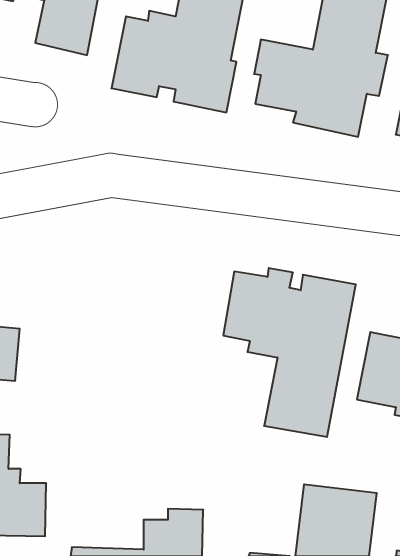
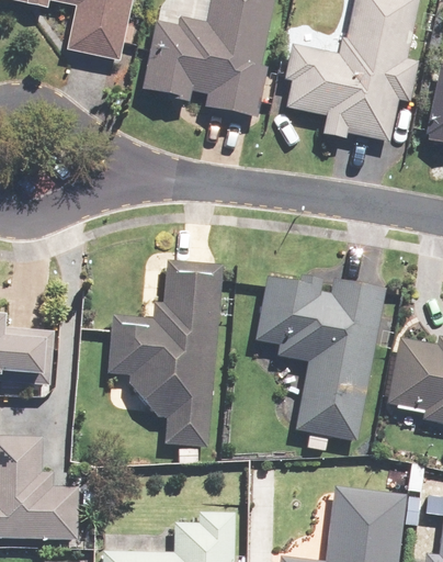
building: none -> [111,260,224,447]

